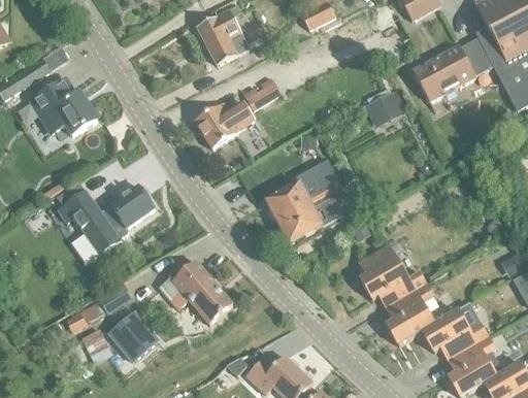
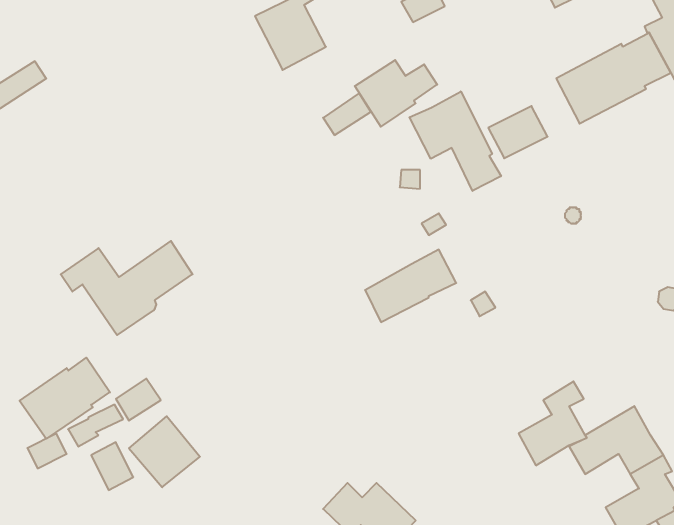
building: [28,75,96,136] -> none
building: none -> [409,91,501,191]
building: [195,100,254,147] -> [355,60,437,127]
building: [265,177,312,220] -> none
building: [359,243,425,298] -> none
building: [170,260,231,323] -> none
building: none -> [20,358,110,439]

